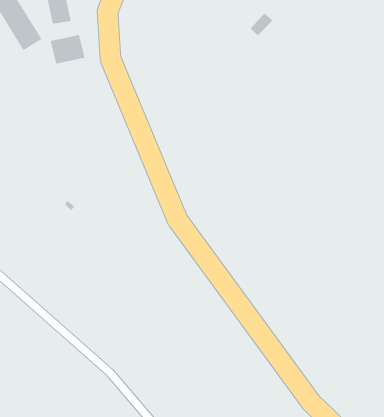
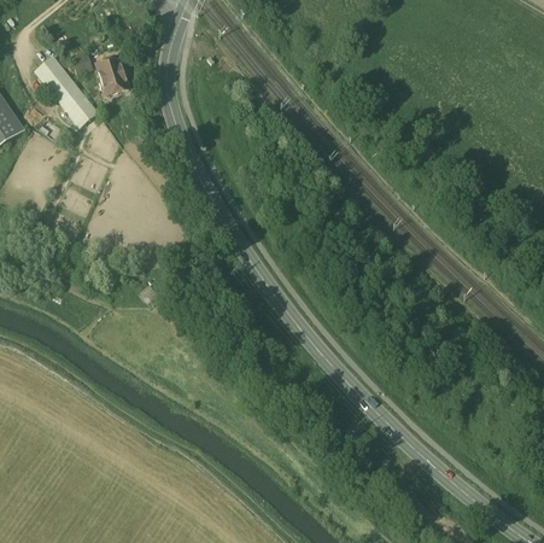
building: [50,34,86,64] -> none

